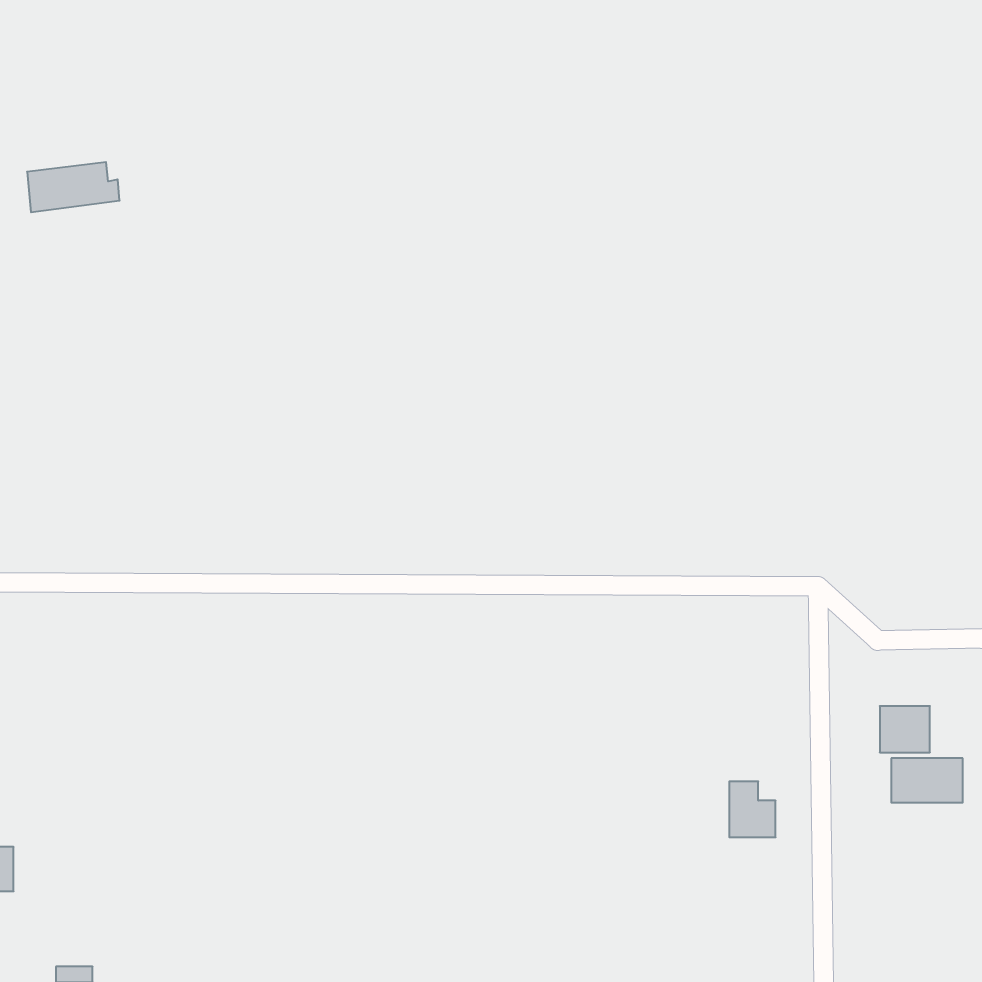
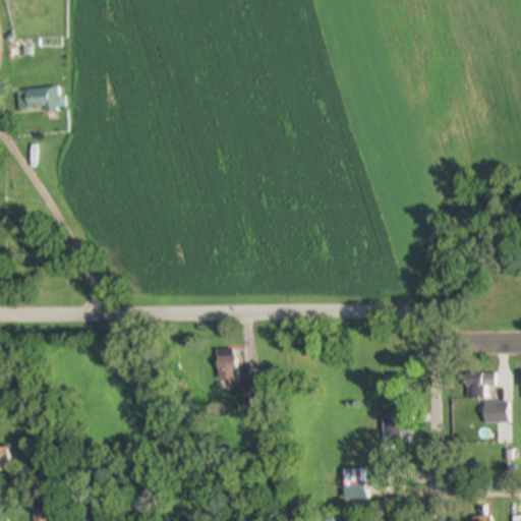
building: none -> [216,348,233,384]
building: none -> [342,469,378,499]

